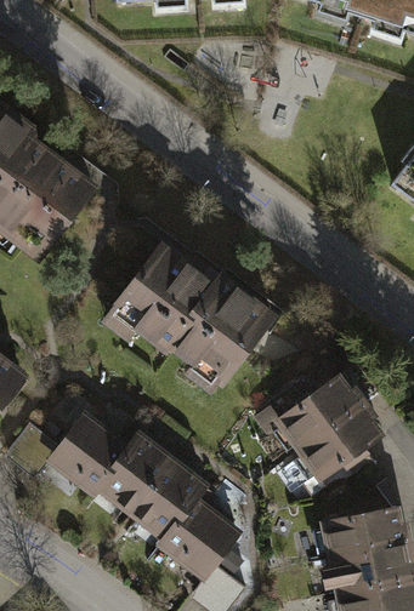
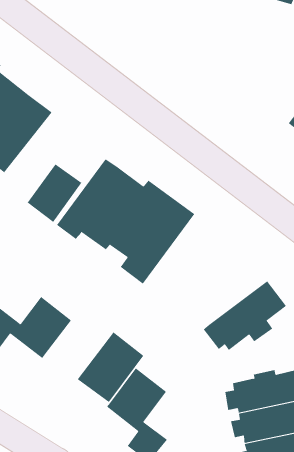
building: none -> [27,164,82,223]
building: [250,360,367,444] -> none
building: [91,423,175,512] -> none

